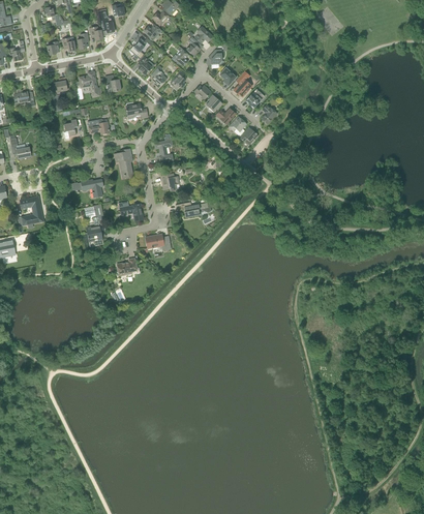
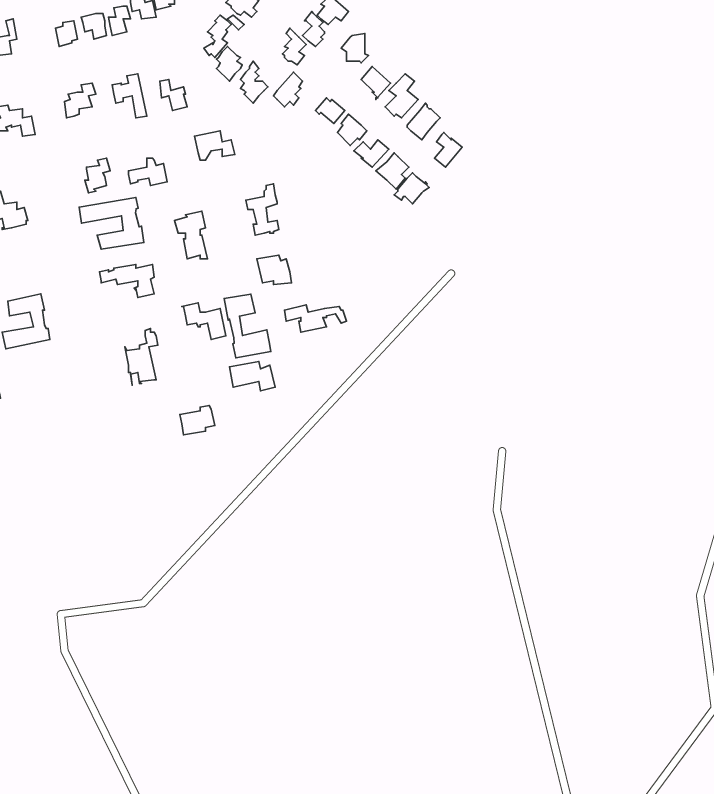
building: none -> [79,198,144,249]
building: none -> [224,294,271,358]

